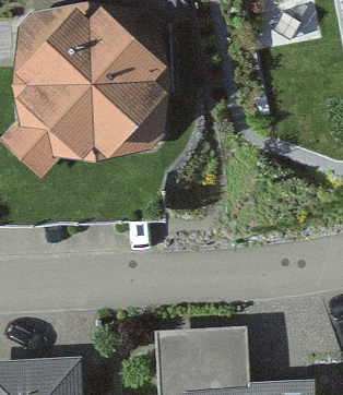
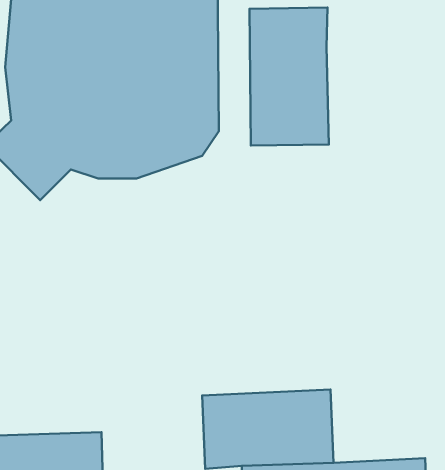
building: none -> [249,8,329,146]

